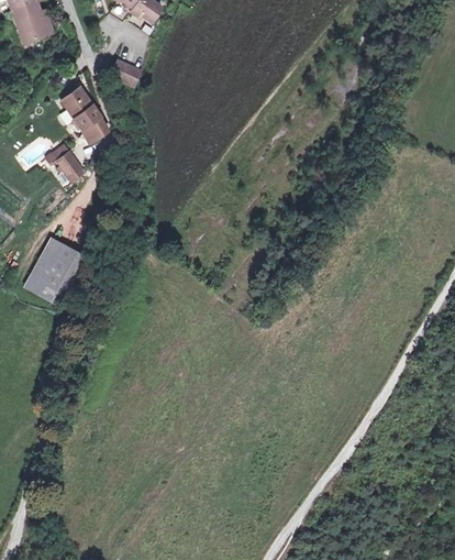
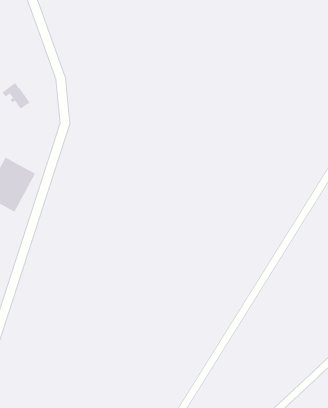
building: [109,58,141,86] -> none
building: [60,86,107,142] -> none

